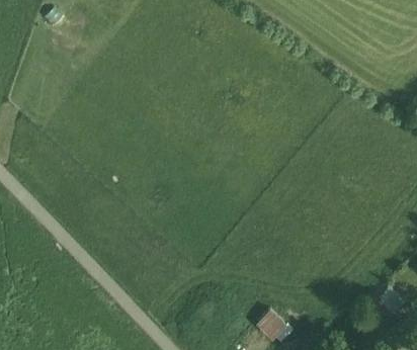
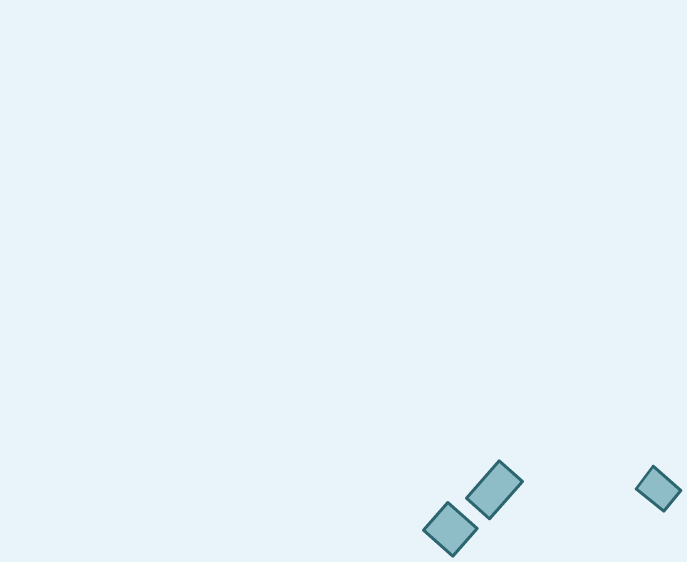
building: none -> [467,461,522,519]

